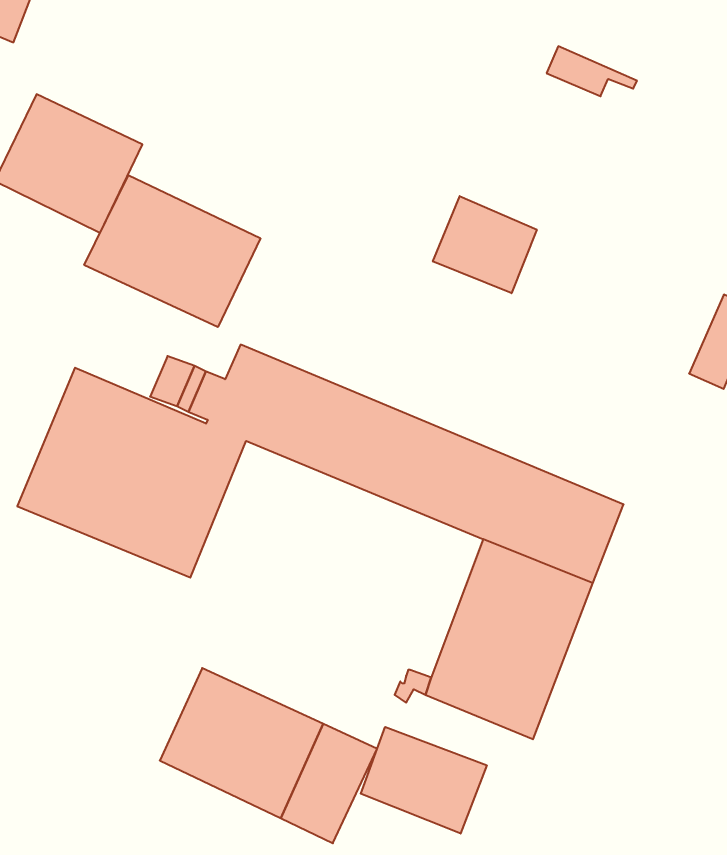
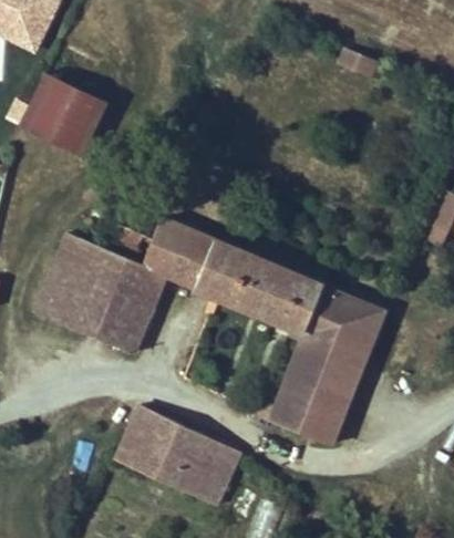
building: [84,175,260,327] -> none
building: [433,196,537,293] -> none
building: [361,727,487,834] -> none

